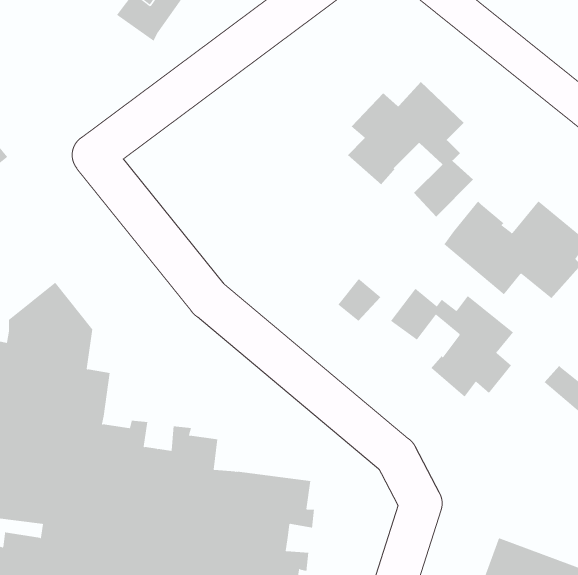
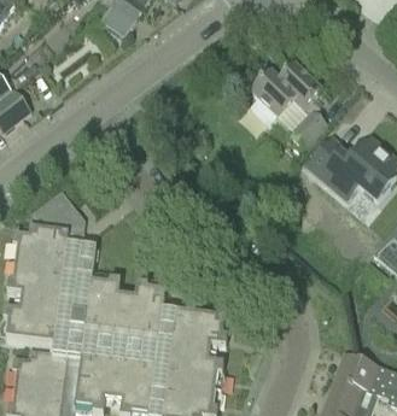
building: [390,288,514,397] -> none

